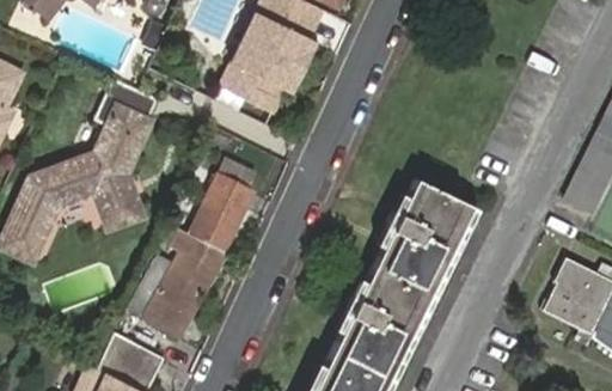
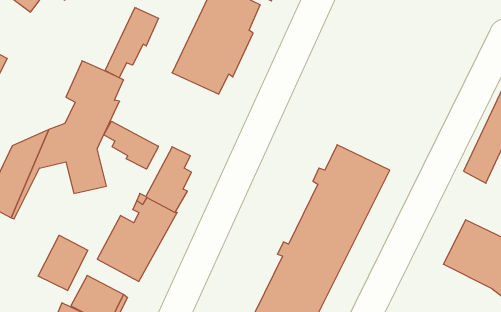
building: none -> [105,8,159,78]
building: none -> [104,121,158,169]
building: none -> [38,235,88,291]

